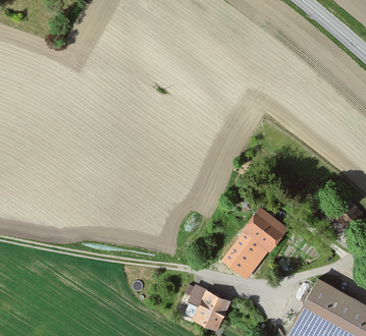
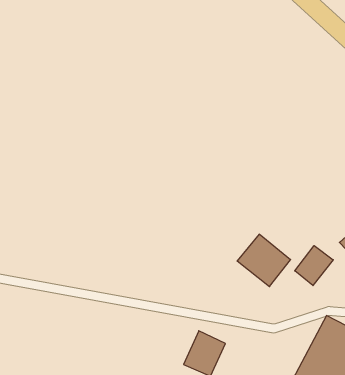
building: none -> [295,246,333,286]
building: [223,236,265,277] -> none

